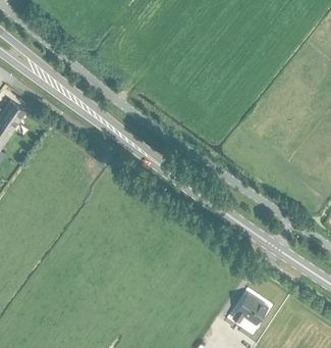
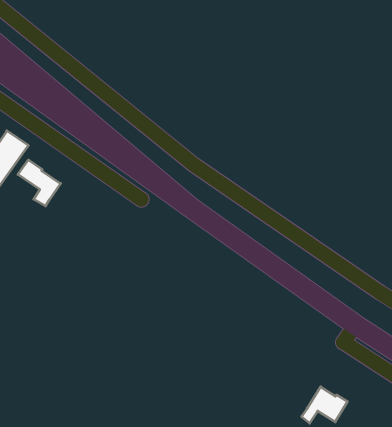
building: none -> [18,160,61,206]

